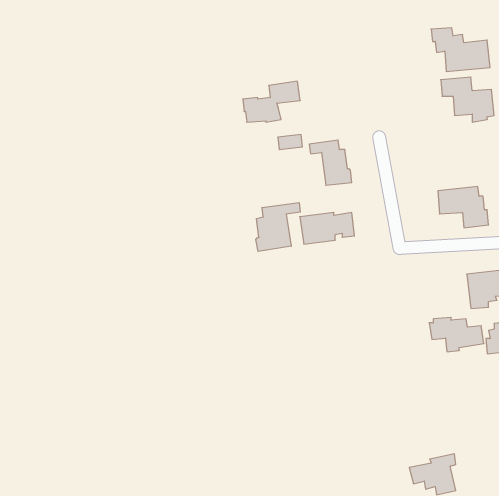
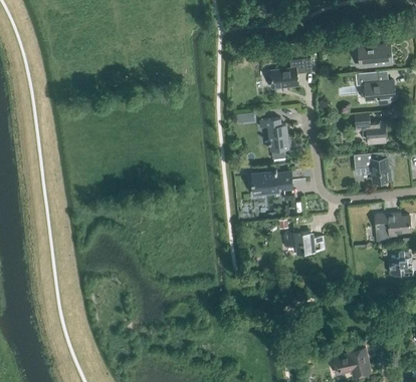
building: [243,81,300,122] -> [270,57,313,87]
building: none -> [355,114,386,143]
building: [256,203,300,251] -> none
building: [429,317,484,352] -> [283,231,324,256]

